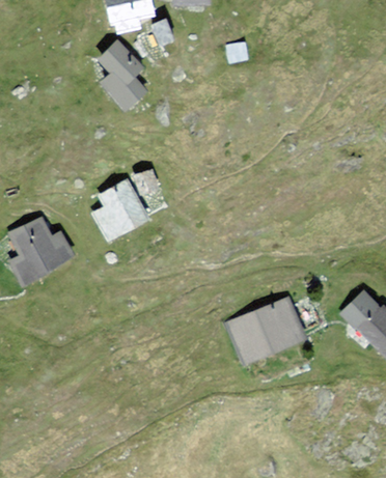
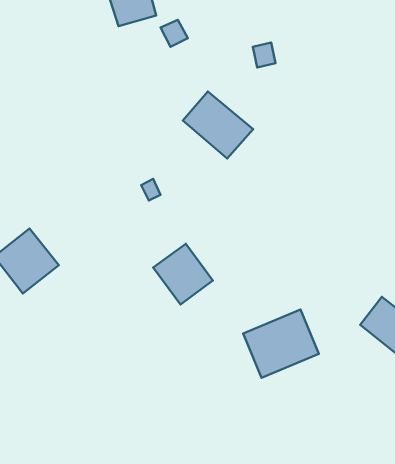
building: [95,44,163,108] -> [183,91,253,158]
building: [90,184,147,242] -> [153,244,213,304]

